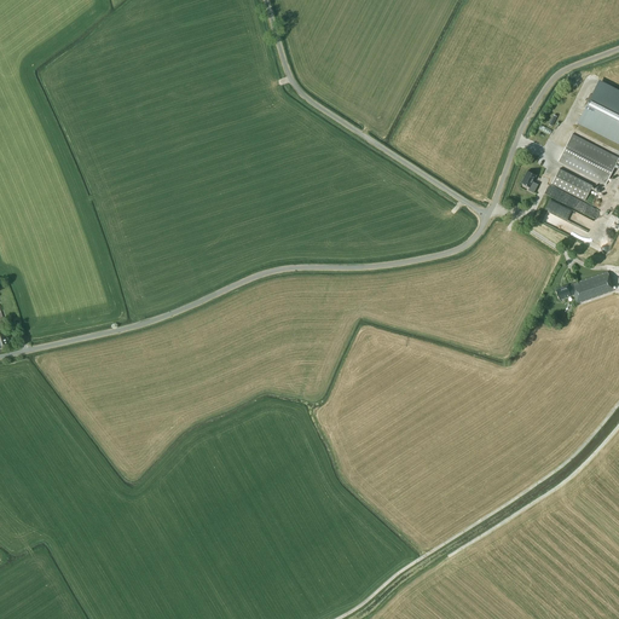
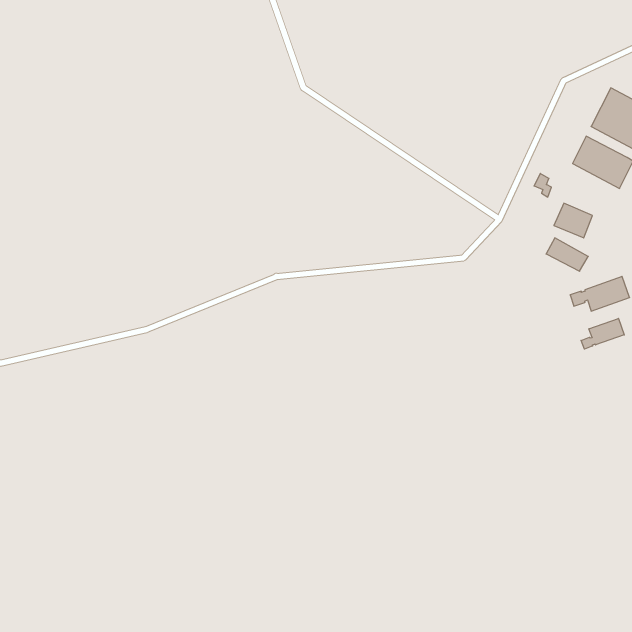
building: [553,167,594,199] -> [546,238,588,271]
building: none -> [581,318,624,349]

